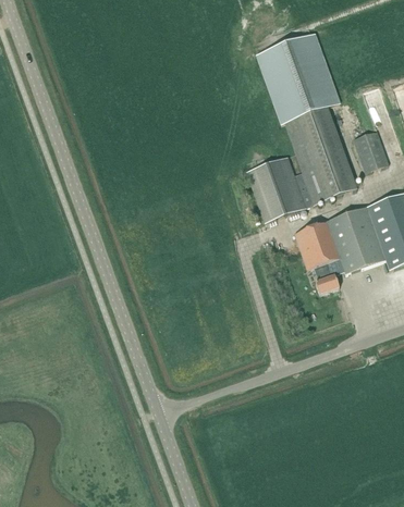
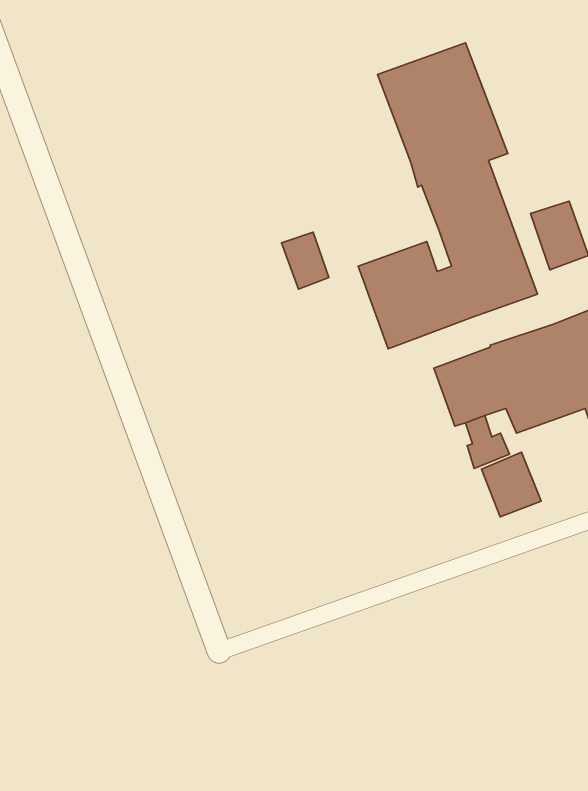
building: none -> [282,232,329,289]
building: none -> [482,452,541,517]

